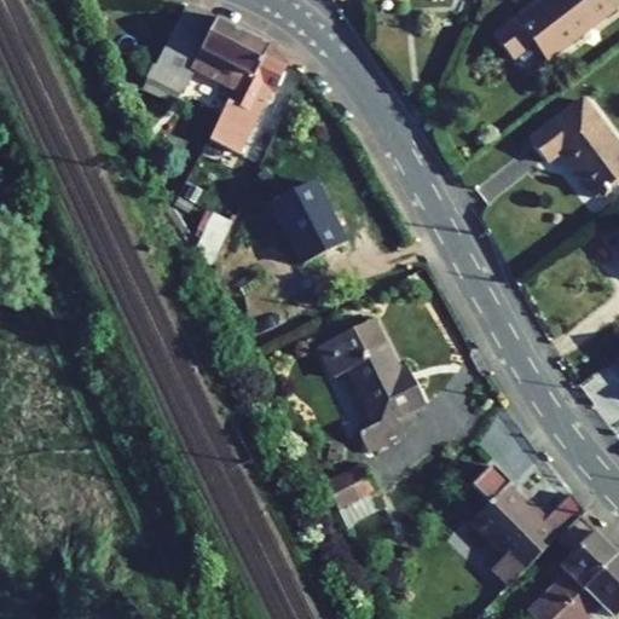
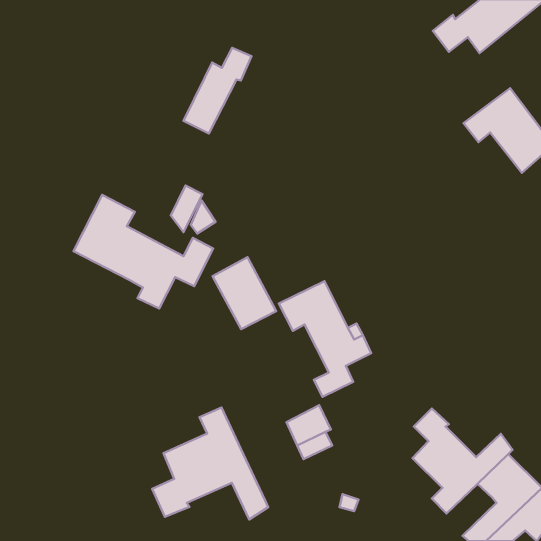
building: [143,8,270,102] -> none
building: [272,181,345,264] -> [213,257,276,329]
building: none -> [74,195,213,309]
building: none -> [152,407,268,520]

